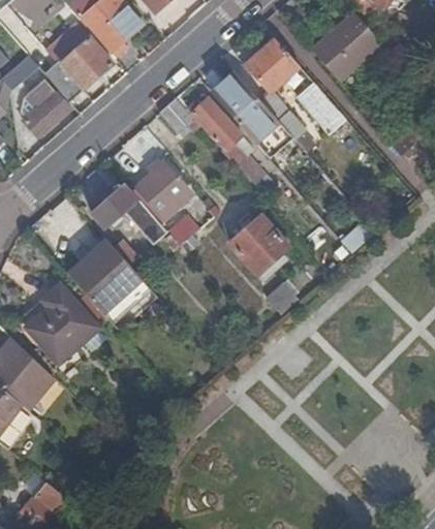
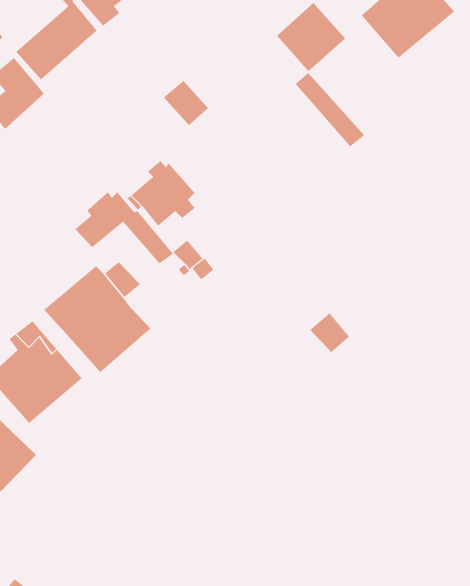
building: [217,73,268,128] -> none
building: [299,84,345,133] -> none
building: [191,96,262,184] -> none
building: [229,215,288,274] -> none

